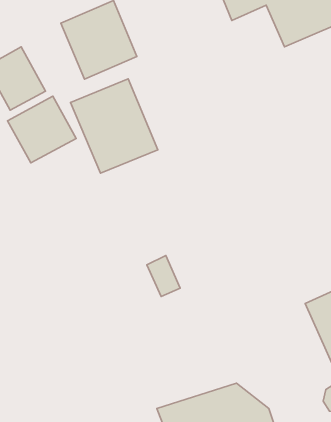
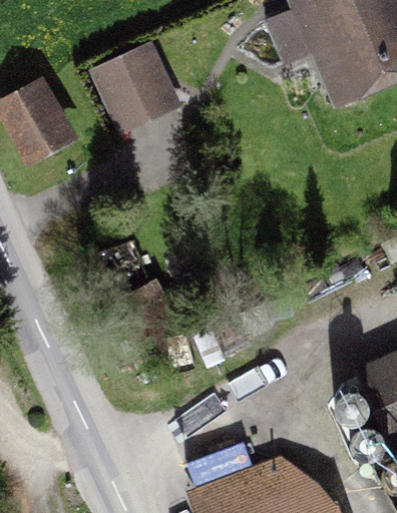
building: [71,79,158,173] -> none
building: [8,96,76,163] -> none

